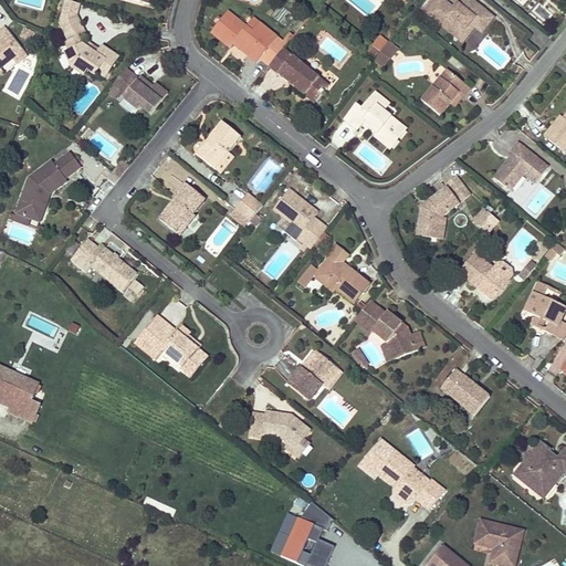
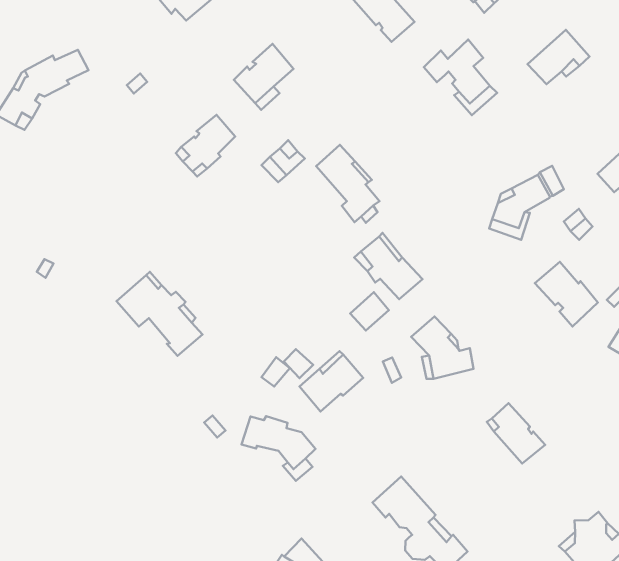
building: [70,238,135,290] -> none
building: [355,298,385,329] -> [350,292,389,330]

